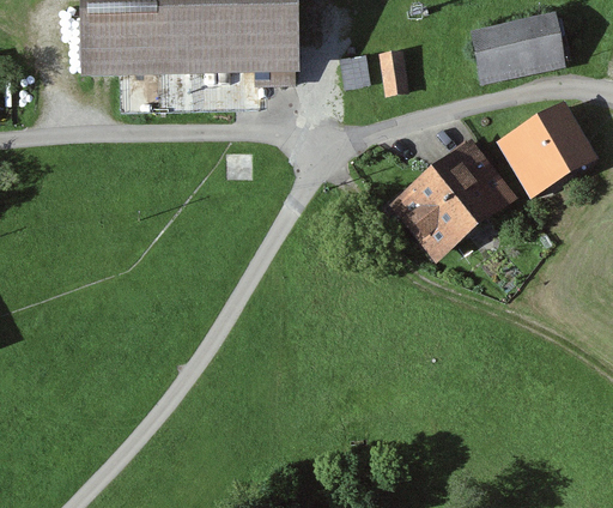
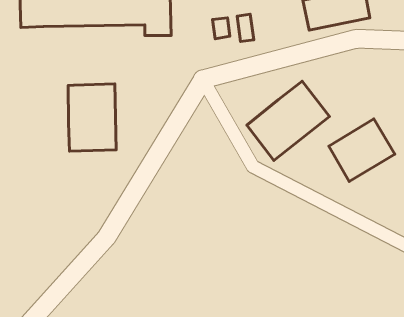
building: [502,104,591,189] -> [329,119,395,181]
building: none -> [68,84,116,151]

